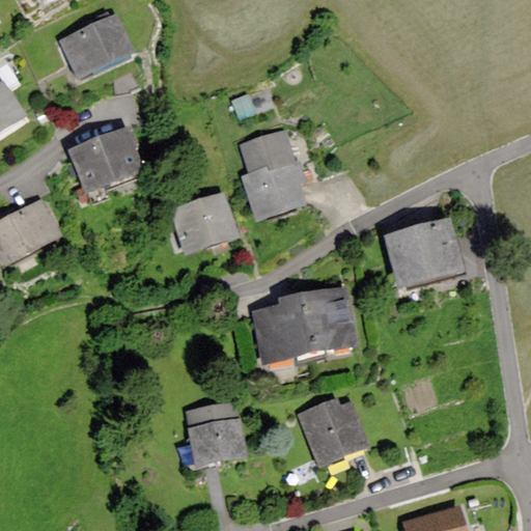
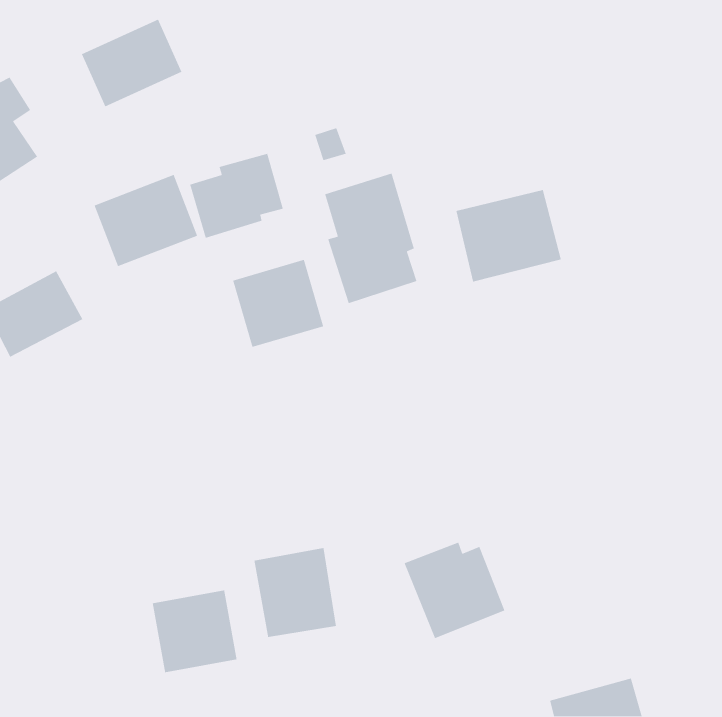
building: none -> [189,153,284,239]
building: [384,221,462,289] -> [456,189,562,283]
building: [254,287,358,365] -> none
building: none -> [152,589,238,673]

